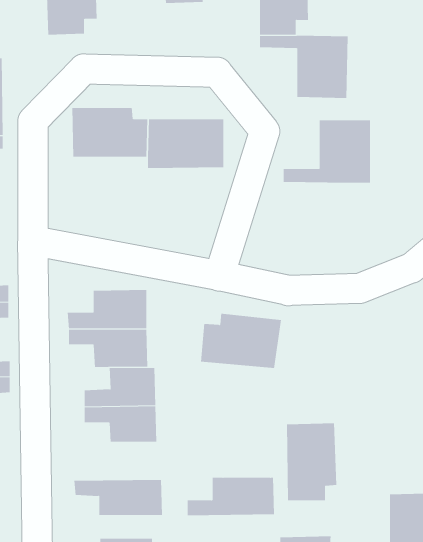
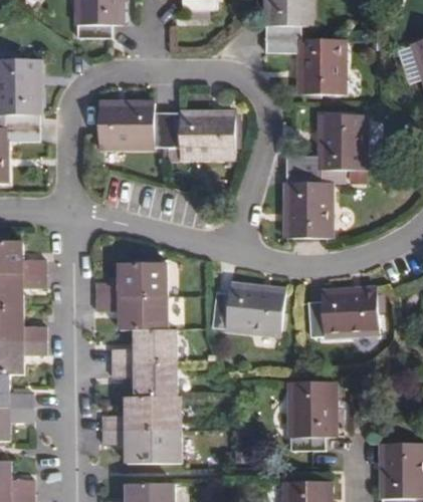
building: none -> [287,168,347,237]
building: none -> [307,288,380,337]
building: [187,477,275,516] -> [101,399,180,433]

